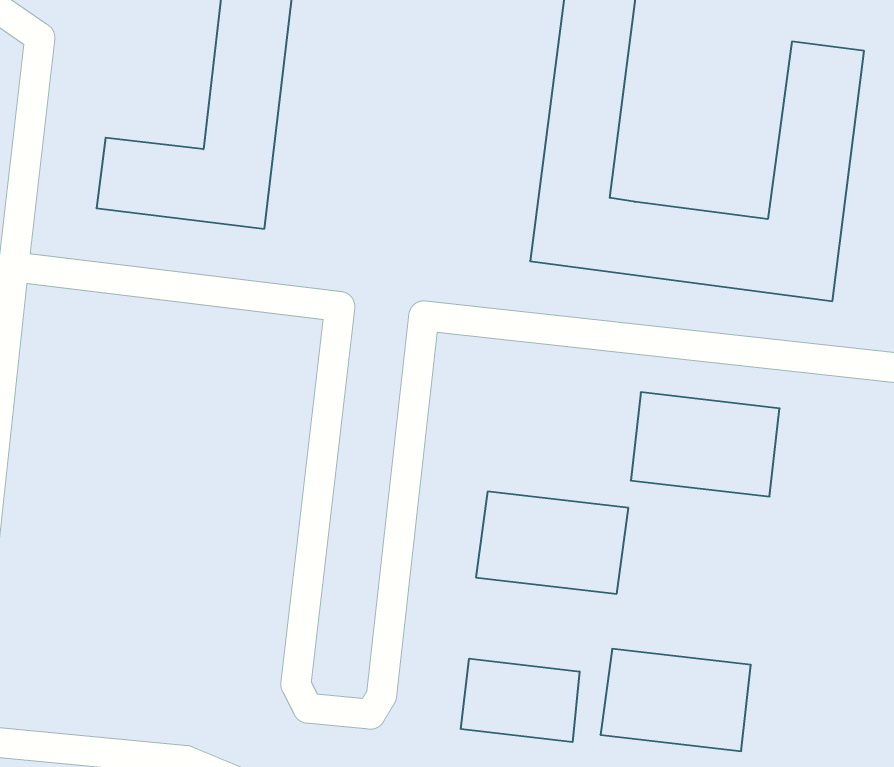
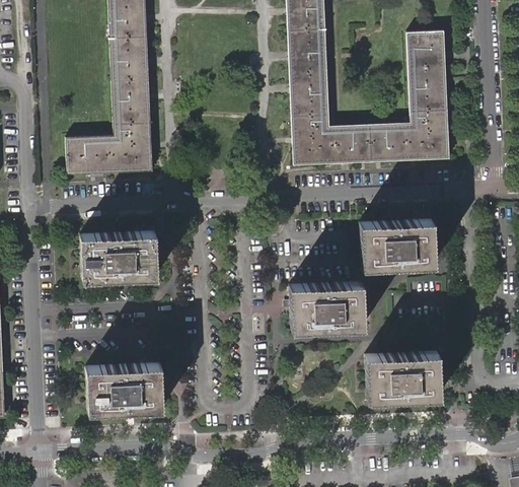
building: none -> [79,231,156,279]
building: none -> [85,363,162,411]
building: [461,659,579,742] -> none

